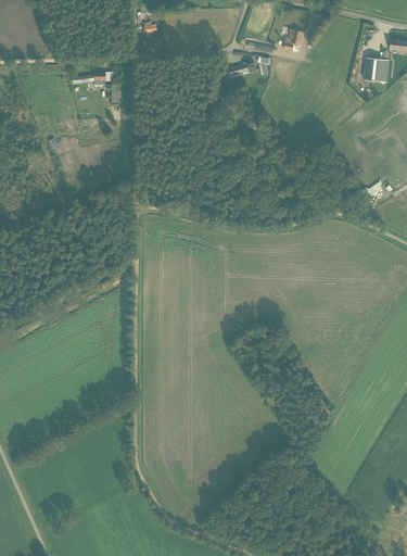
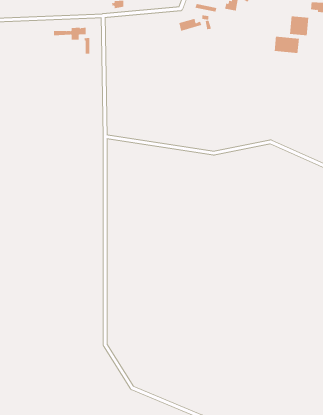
building: none -> [274,36,299,54]

